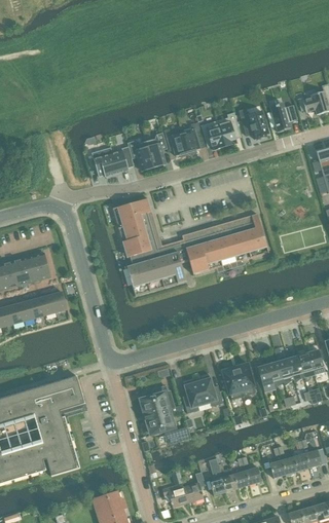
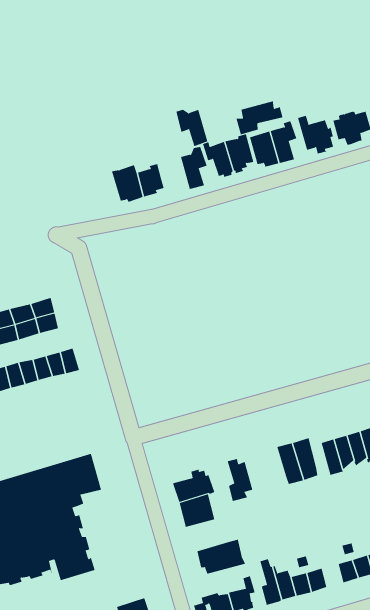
building: none -> [236,101,283,135]
building: [127,141,153,171] -> [175,109,208,147]
building: [112,198,268,296] -> none
building: [197,374,223,406] -> none
building: none -> [197,539,246,575]

